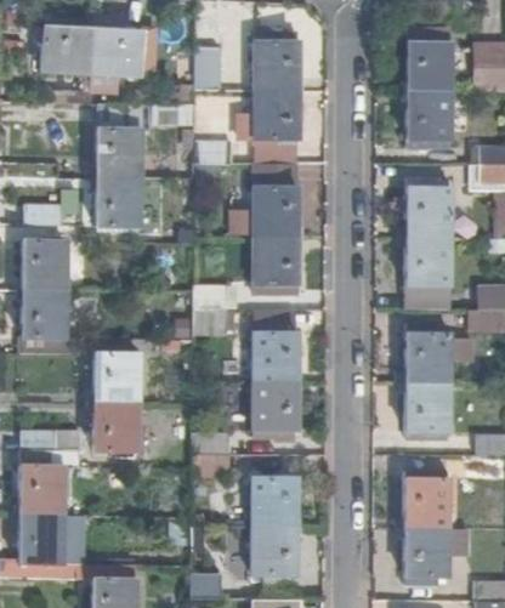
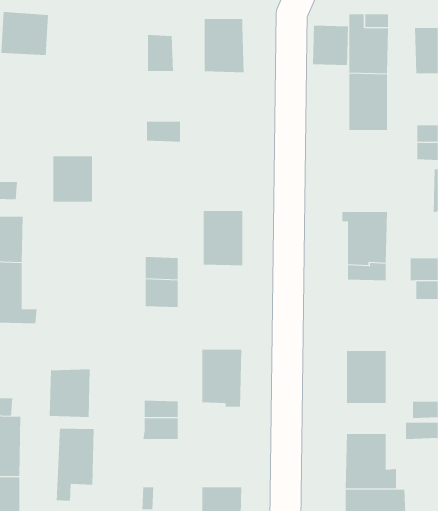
building: [91,30,140,75] -> none
building: none -> [313,25,348,66]
building: [256,90,299,140] -> none
building: [97,102,195,178] -> none
building: [255,164,297,235] -> none
building: [401,181,449,237] -> none
building: [405,326,471,382] -> none
building: [254,334,297,381] -> none
building: [95,354,137,403] -> none
building: none -> [56,428,94,502]
building: [254,478,296,525] -> none

